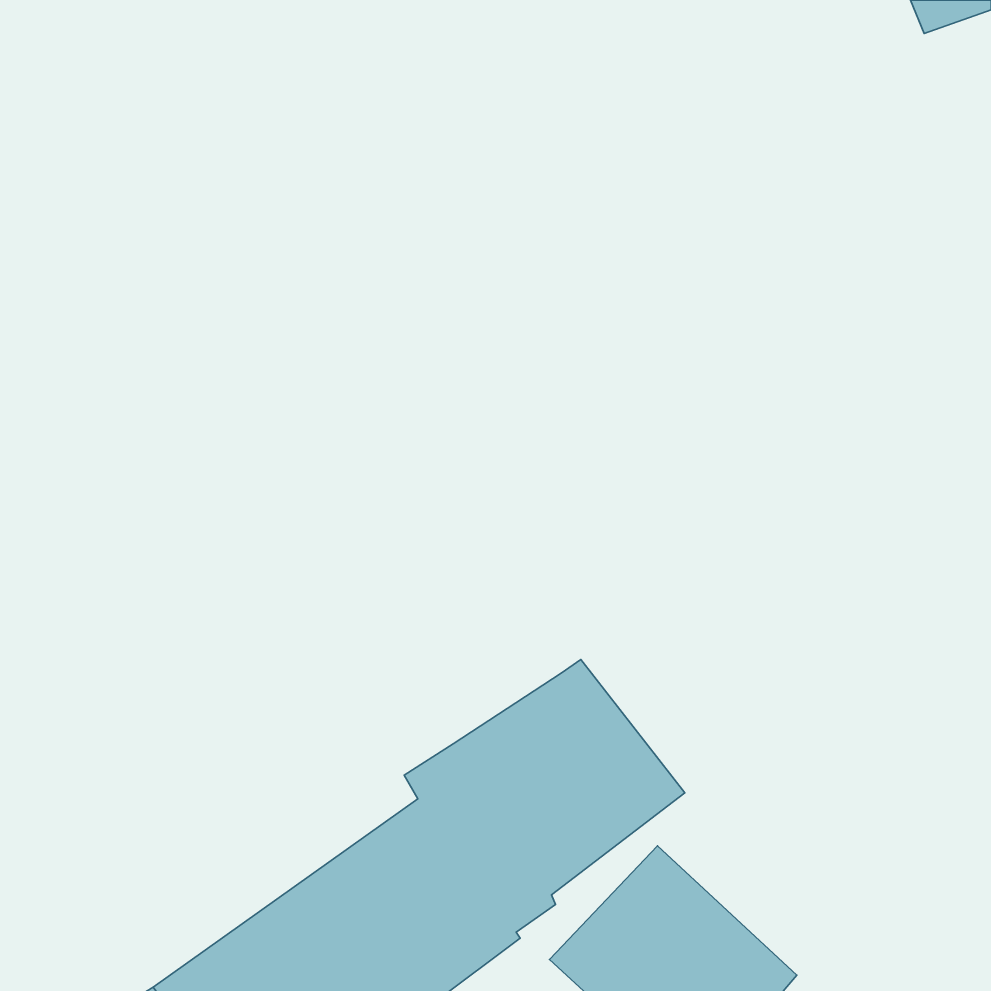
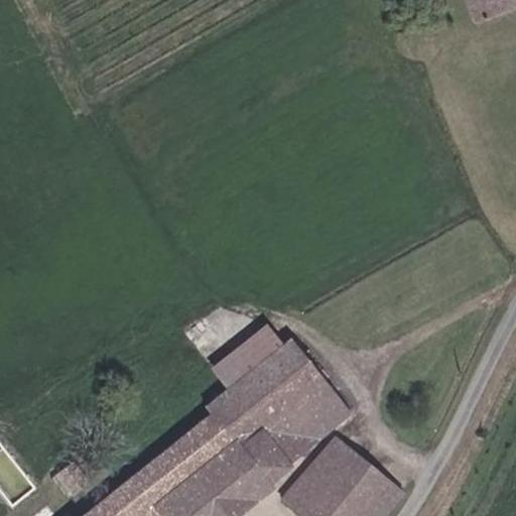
building: none -> [216,327,288,388]

